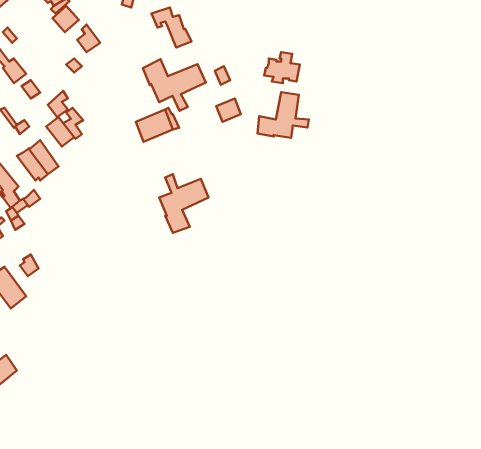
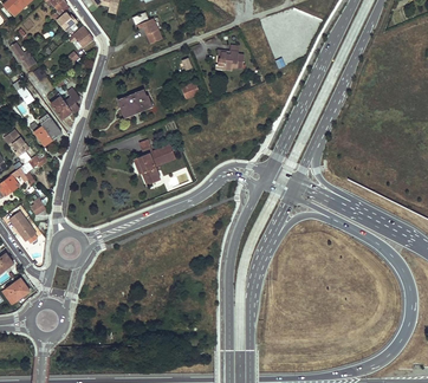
building: [143,59,206,111] -> none
building: [257,92,309,138] -> none

